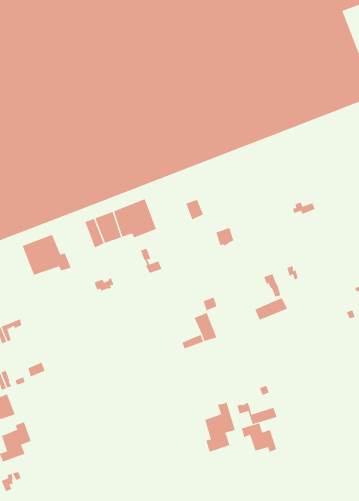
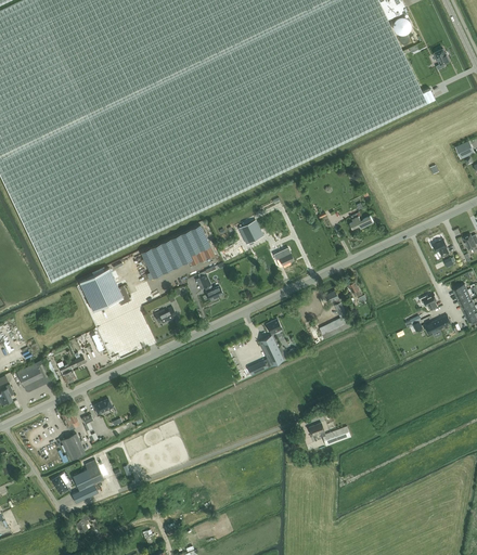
building: [205,402,236,452] -> none
building: [241,423,277,453] -> none

